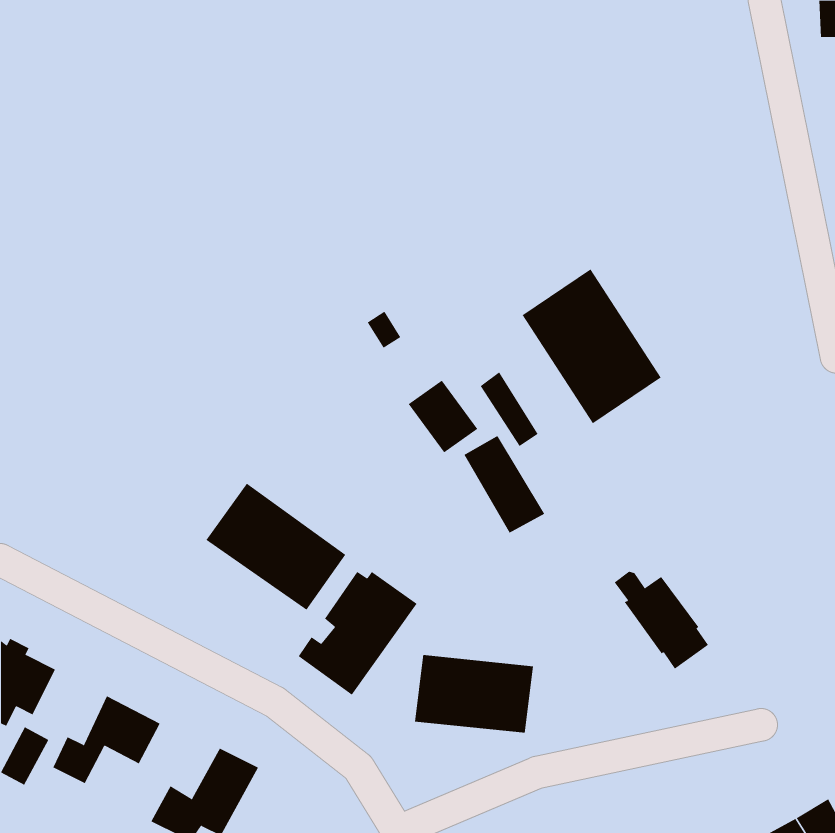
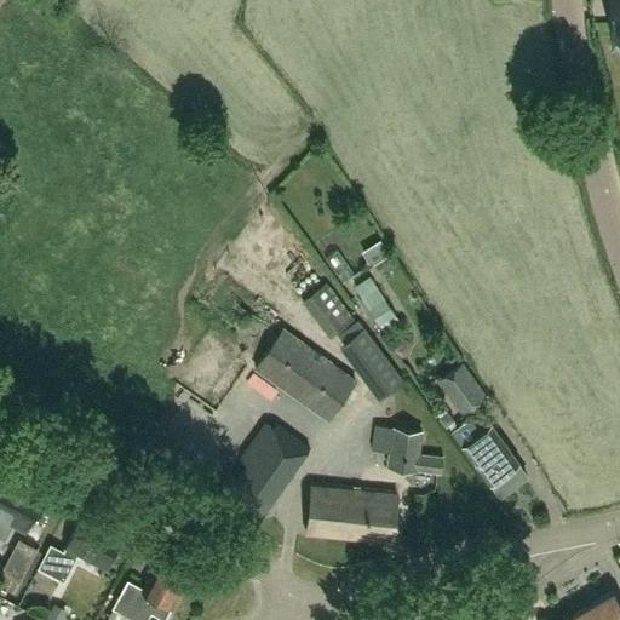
building: [522,269,662,424] -> none
building: [205,483,346,610] -> [253,328,357,423]
building: none -> [438,366,486,415]
building: none -> [372,426,444,476]

